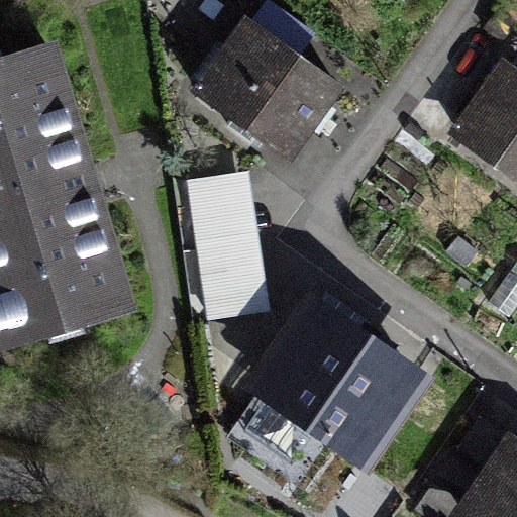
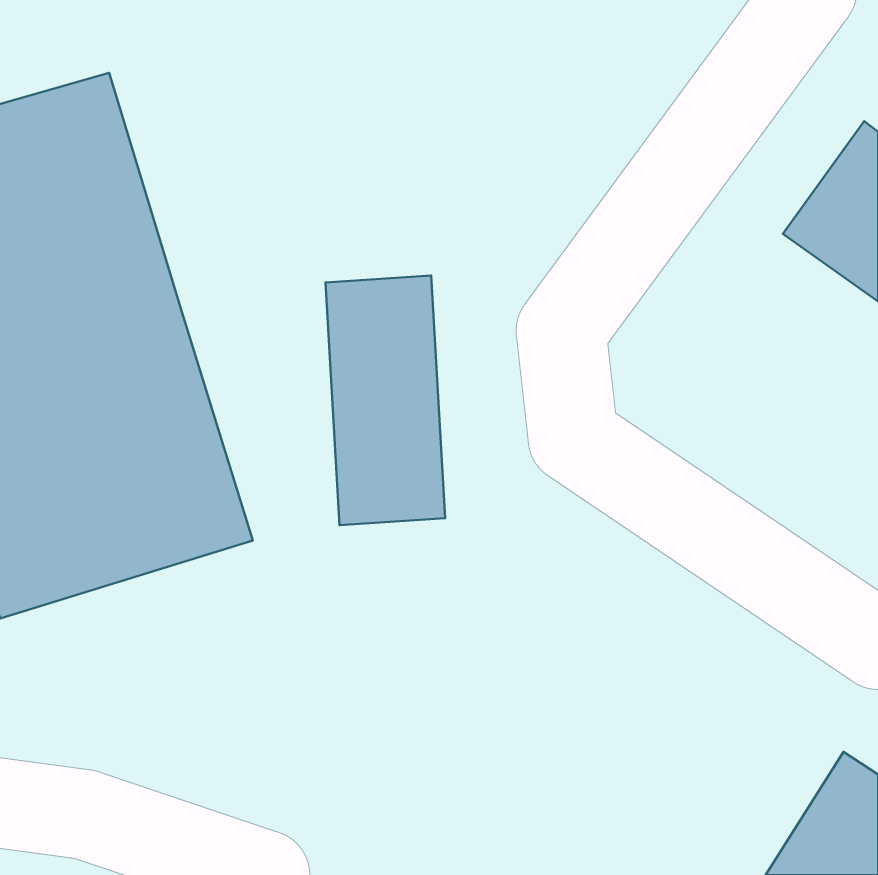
building: [195,24,335,159] -> none
building: [222,310,410,482] -> none

